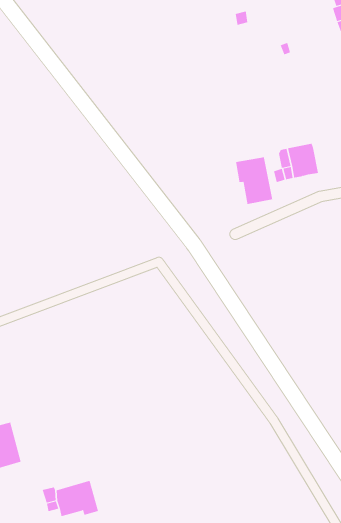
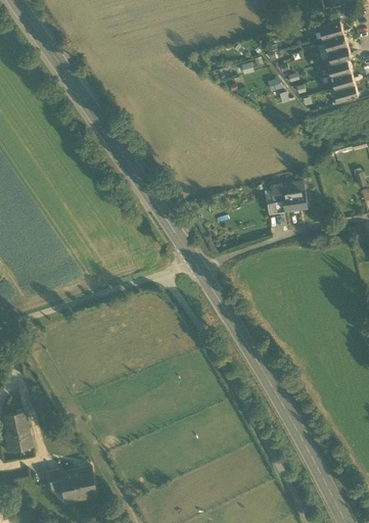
building: [236,156,273,205] -> none

